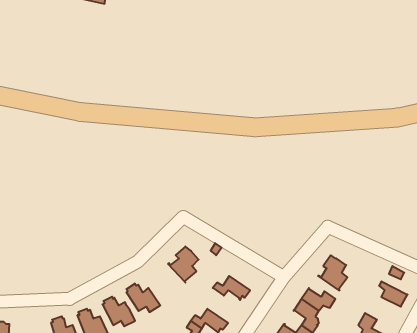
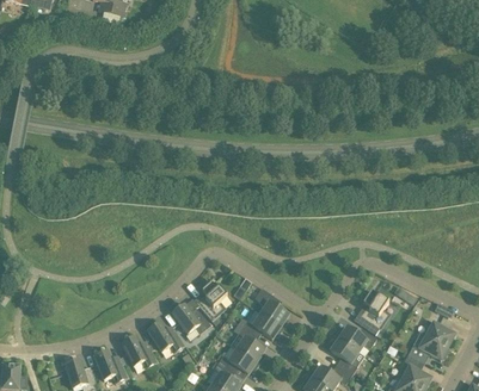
building: none -> [254,287,288,328]
building: none -> [171,303,210,333]
building: none -> [235,325,264,364]
building: none -> [407,330,447,360]

